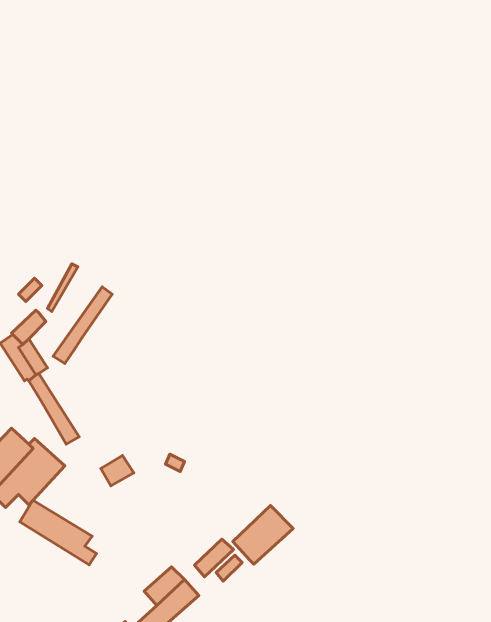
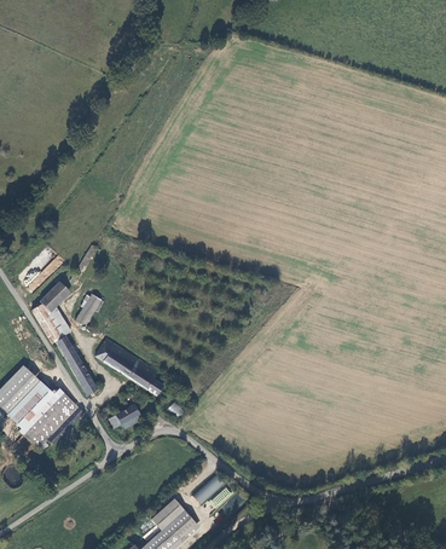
building: [20,500,96,565] -> [97,339,161,393]
building: [233,506,293,564] -> none

